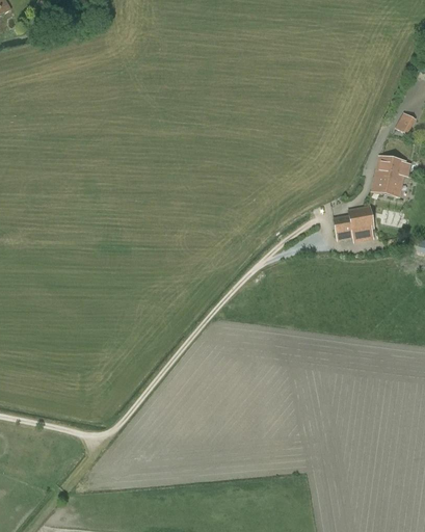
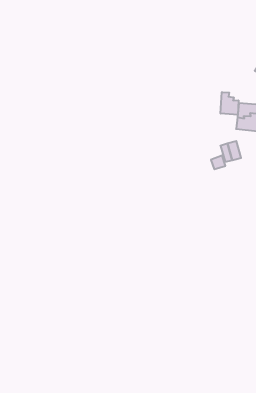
building: none -> [221,92,238,115]

